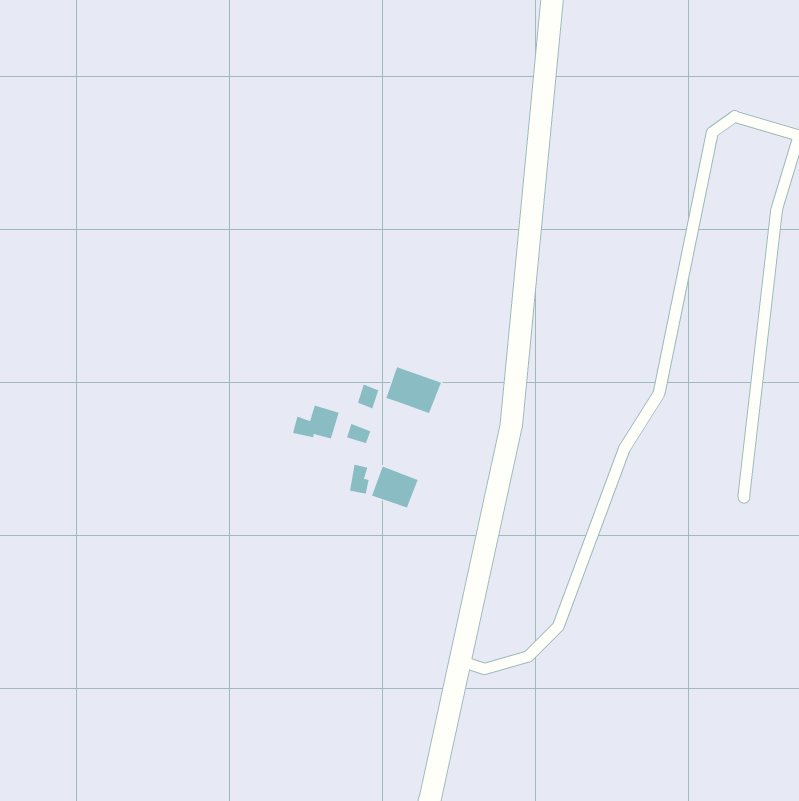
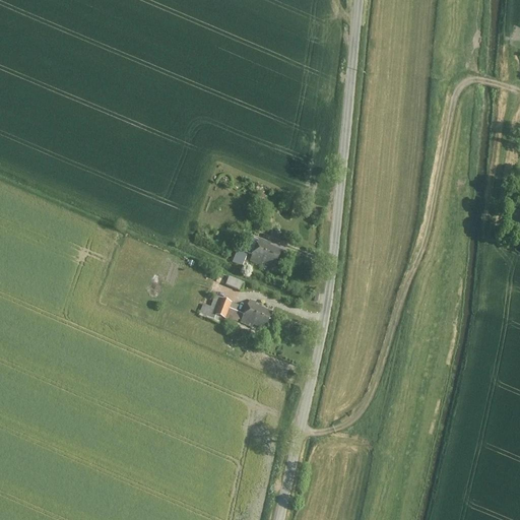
building: [292,405,339,439] -> [198,294,229,316]

